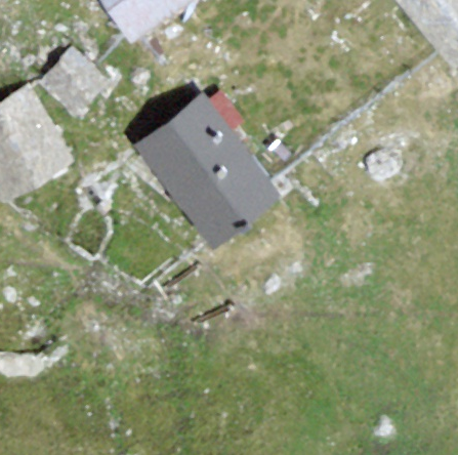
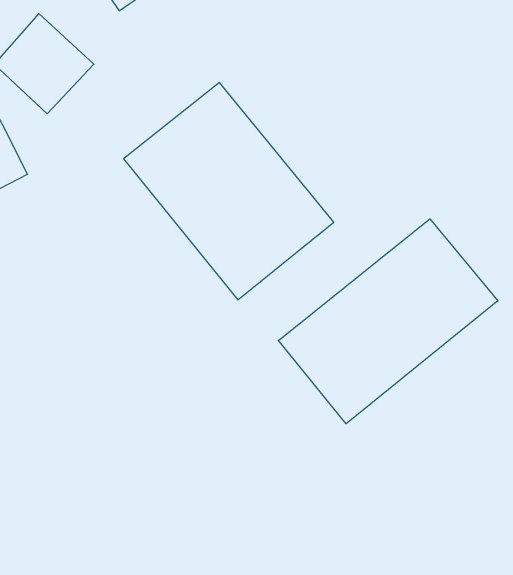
building: none -> [278,219,498,424]

